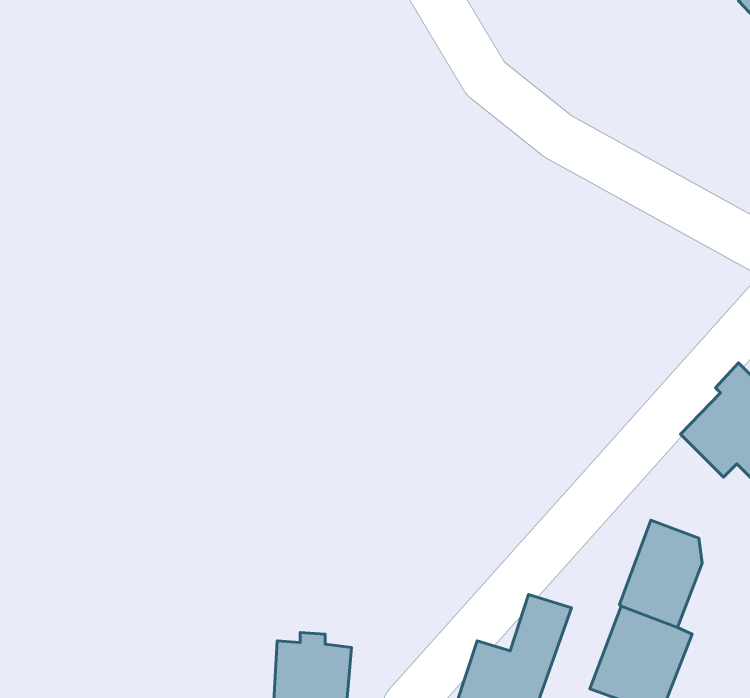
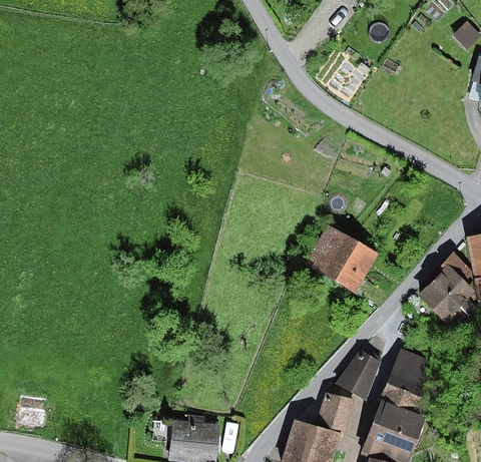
building: none -> [307,223,378,291]
building: none -> [336,350,381,400]

